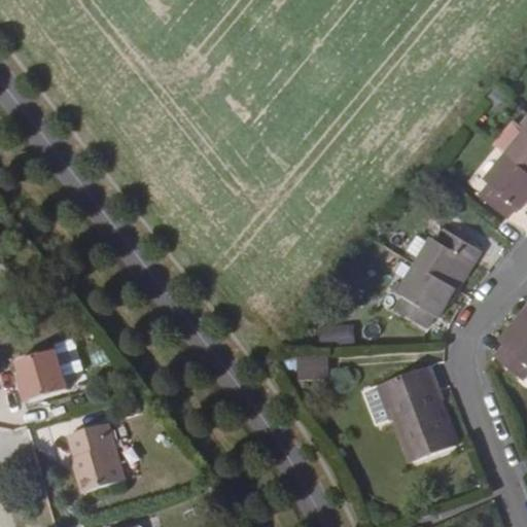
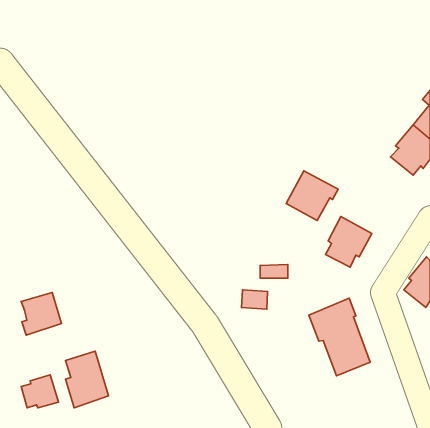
building: [417,224,481,285] -> [286,171,338,220]
building: none -> [21,375,58,408]

